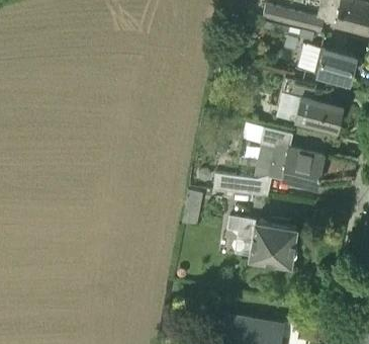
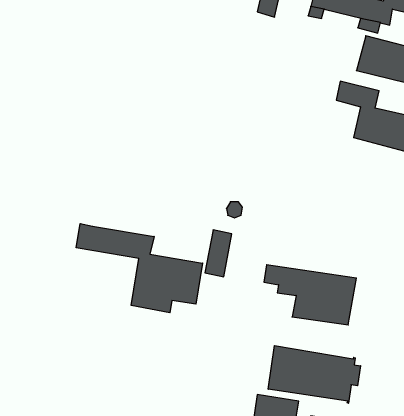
building: [215,127,326,196] -> none
building: none -> [76,224,203,313]
building: none -> [268,346,361,403]

